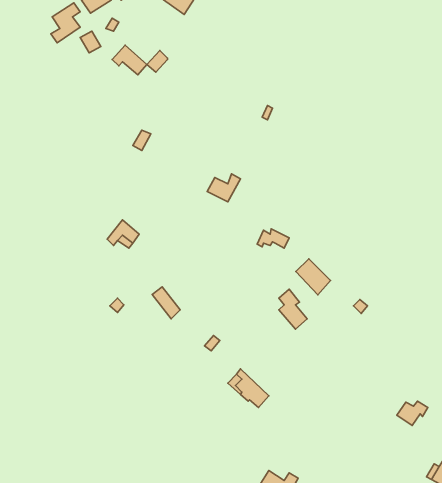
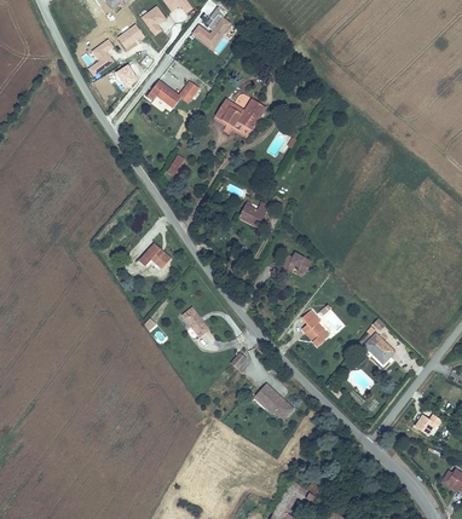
building: none -> [209,97,260,128]
building: [296,259,331,295] -> [363,331,395,365]

